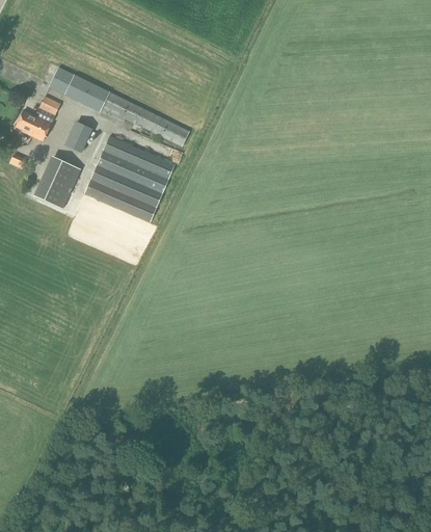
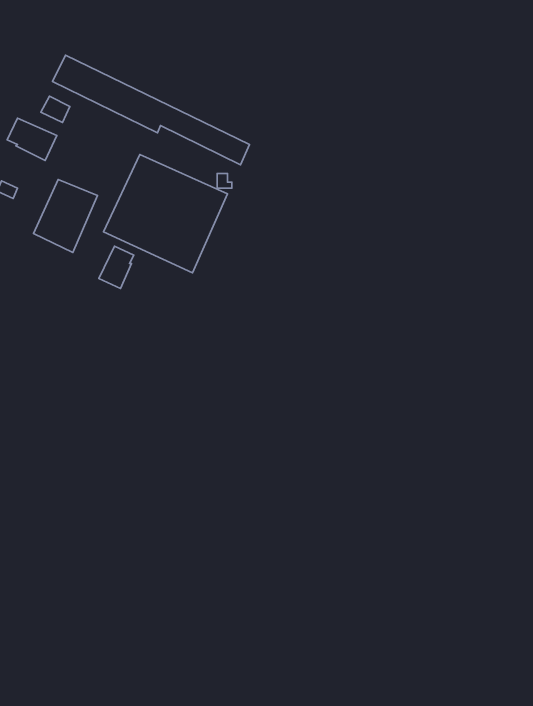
building: [66,122,93,153] -> none
building: none -> [99,246,134,289]

